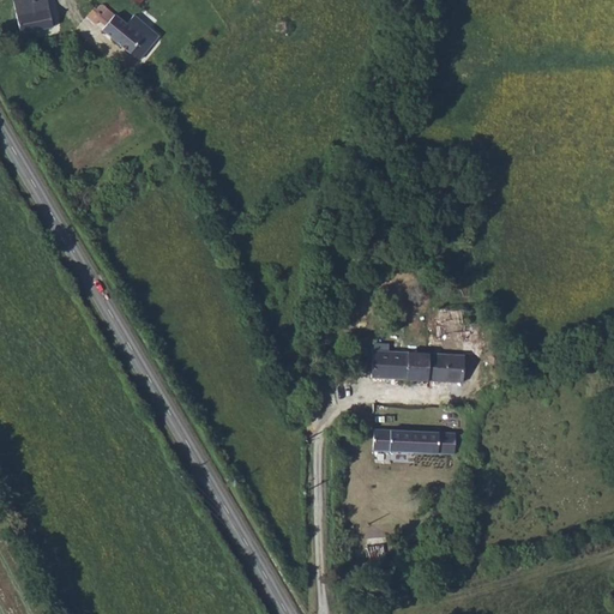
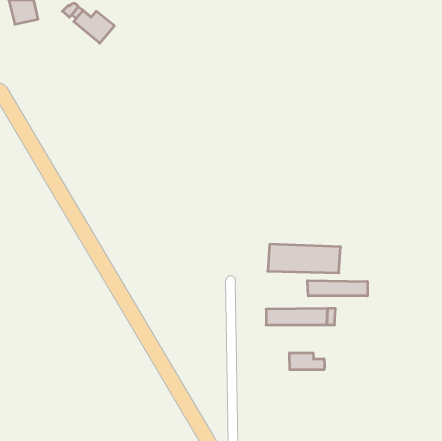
building: none -> [307,281,367,296]
building: none -> [290,353,324,370]

